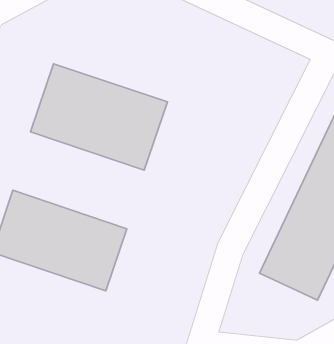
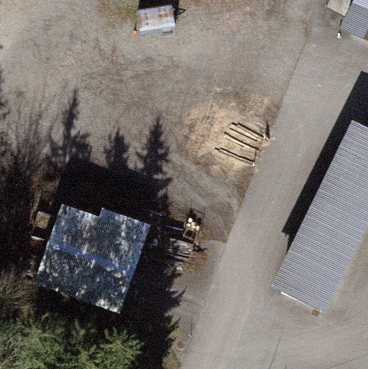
building: [31,64,167,170] -> none

